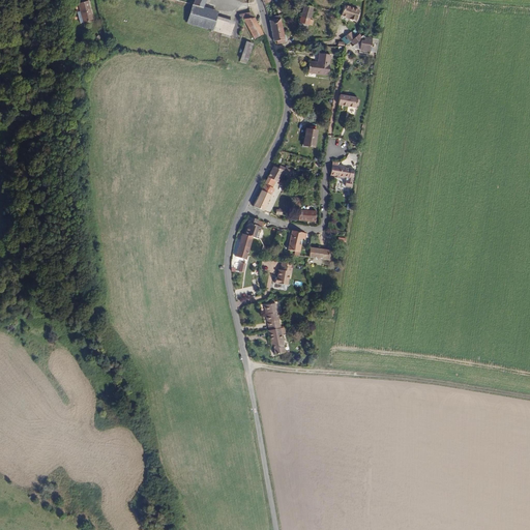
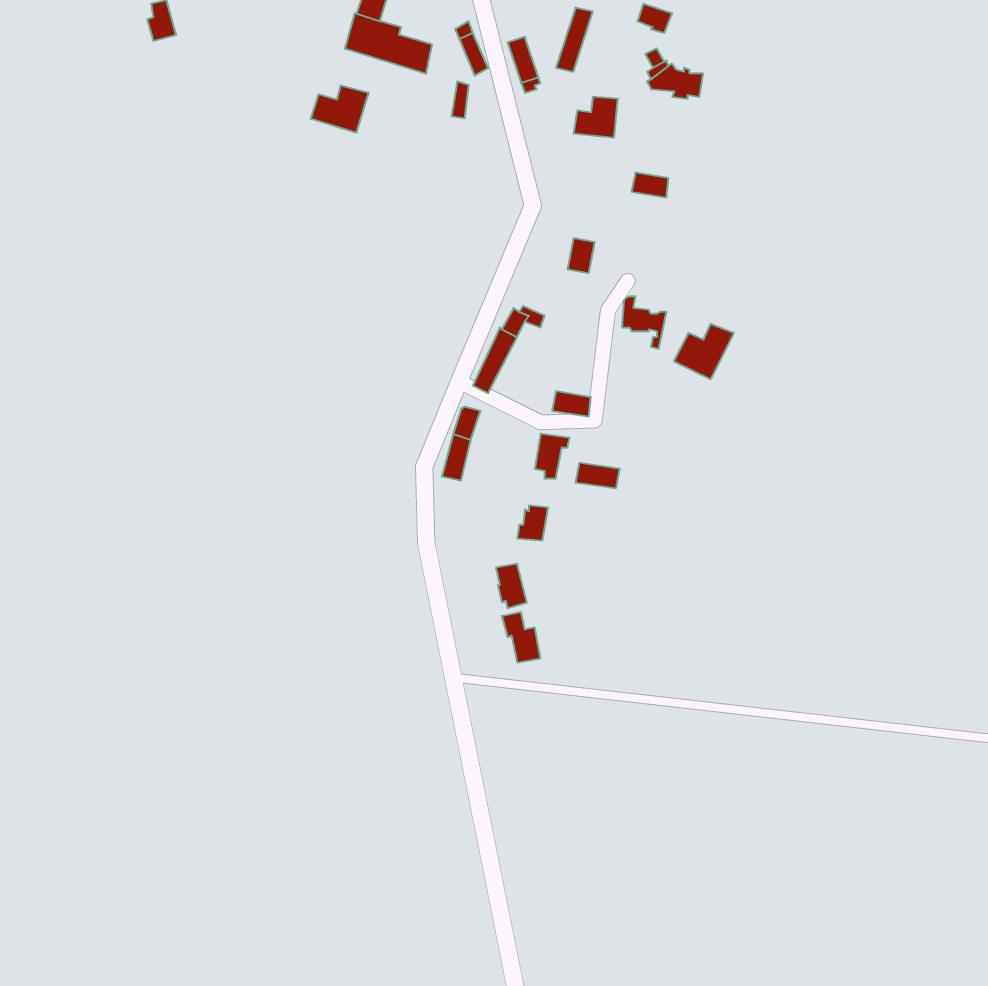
building: none -> [311,86,369,133]
building: none -> [674,324,734,379]

